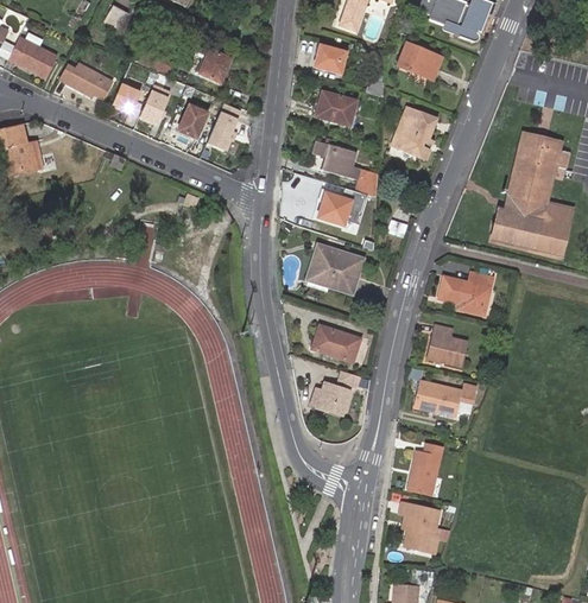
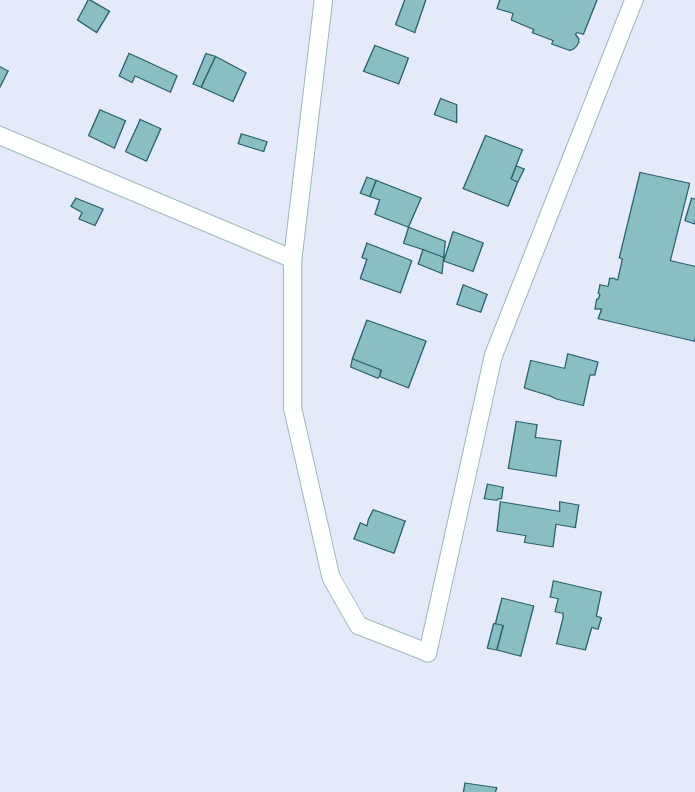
building: [397,44,442,81] -> none
building: [57,65,109,102] -> none
building: [318,87,360,125] -> none
building: [178,104,207,138] -> none
building: [208,114,238,153] -> none
building: none -> [444,232,483,272]
building: [309,324,356,361] -> none
building: [403,499,441,550] -> [550,581,601,650]

